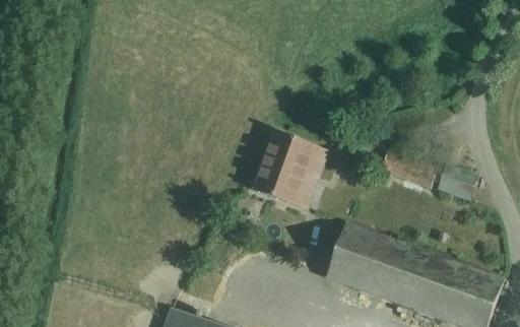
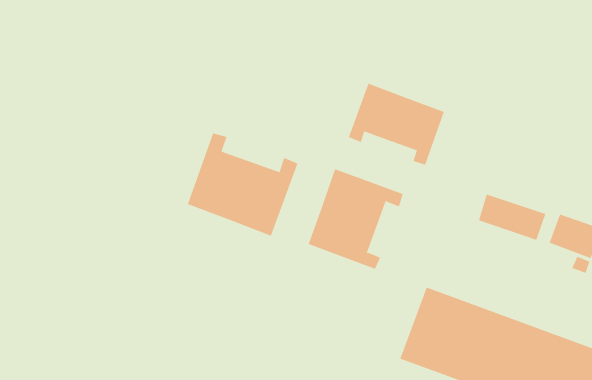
building: none -> [348,83,445,166]
building: none -> [187,132,298,236]

